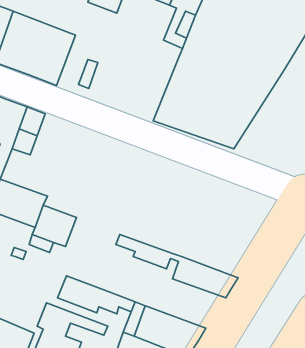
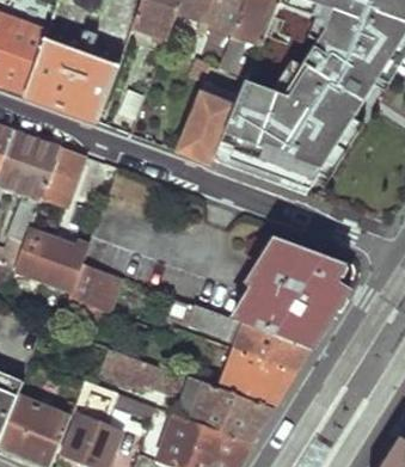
building: none -> [177,79,239,164]
building: none -> [233,241,348,350]
building: none -> [204,351,296,410]

